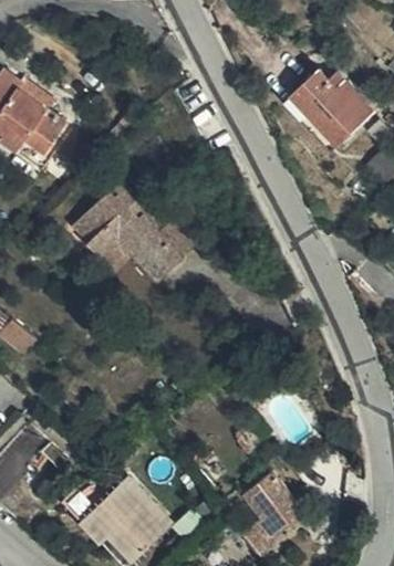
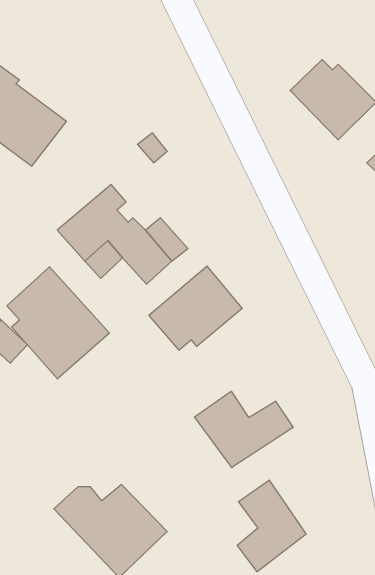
building: none -> [149,266,242,350]
building: none -> [7,267,109,379]
building: none -> [195,391,293,468]

